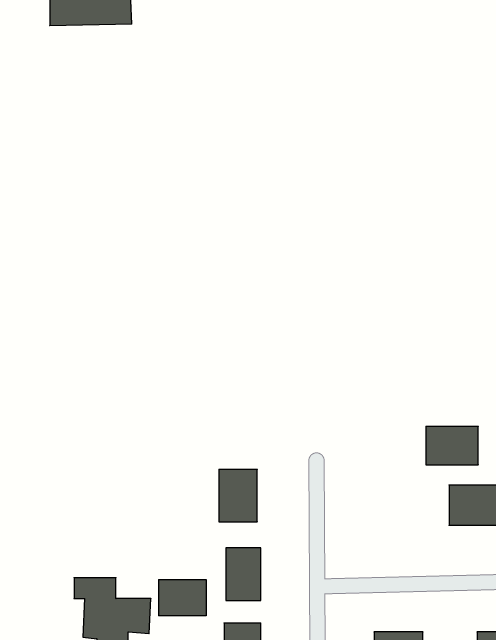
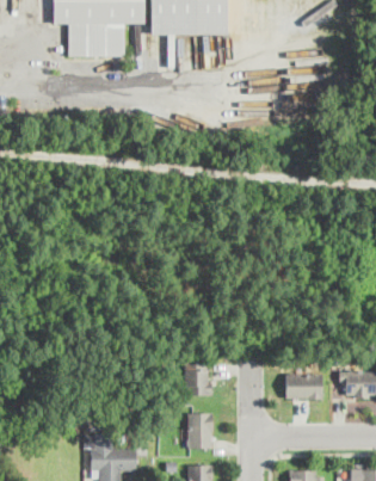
building: [426,426,478,465] -> [285,374,321,400]
building: [159,580,206,616] -> none

